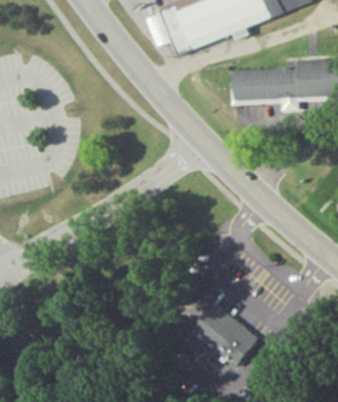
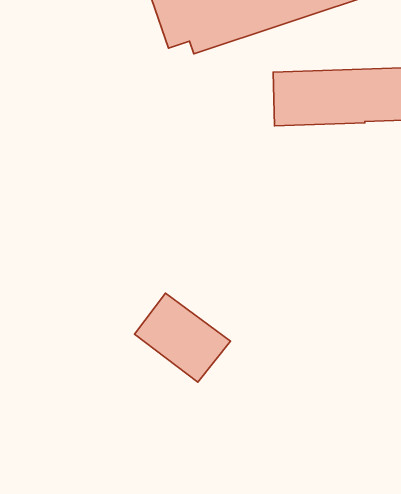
building: [190,302,260,367] -> [134,293,230,382]

